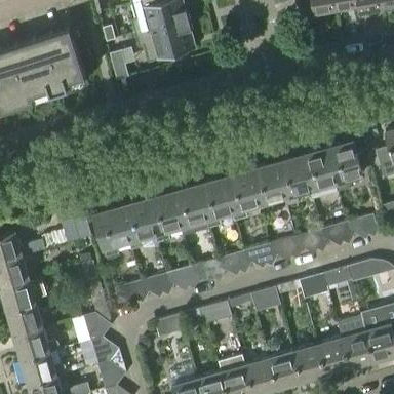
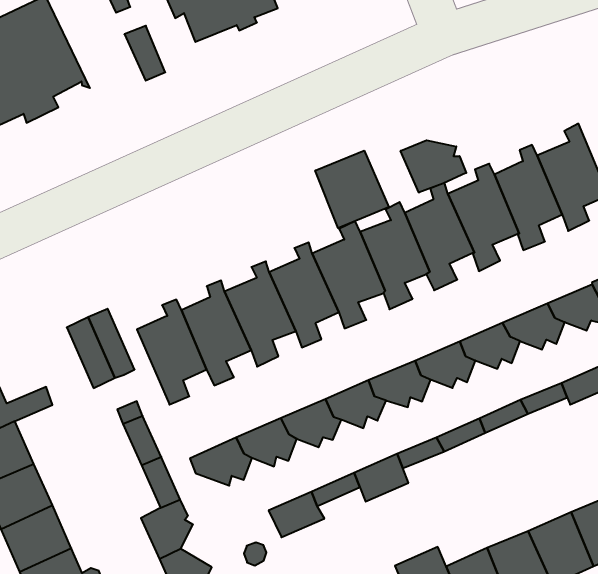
building: none -> [401,140,466,193]
building: none -> [315,151,389,228]

